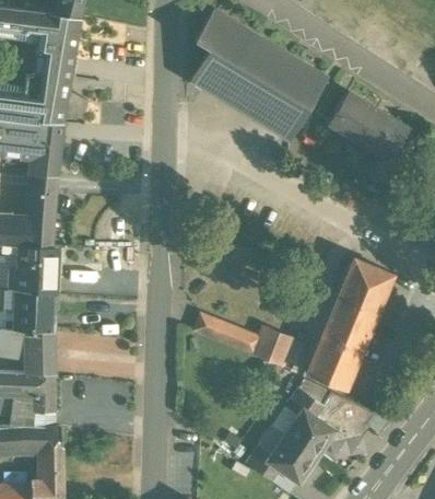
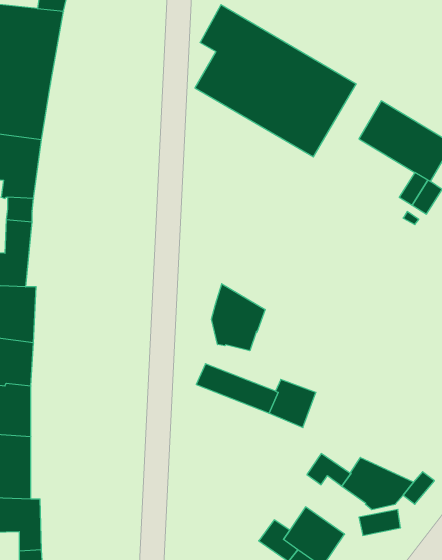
building: none -> [212,284,265,351]
building: [305,256,392,388] -> none
building: [284,407,334,456] -> none

